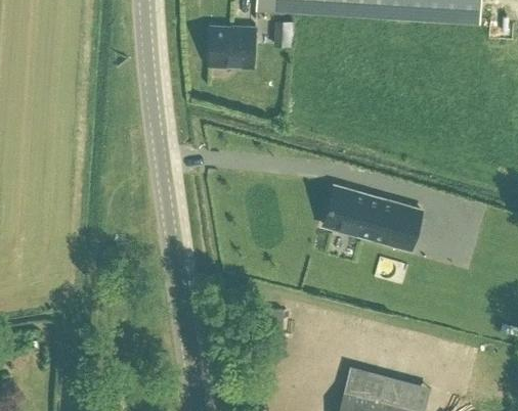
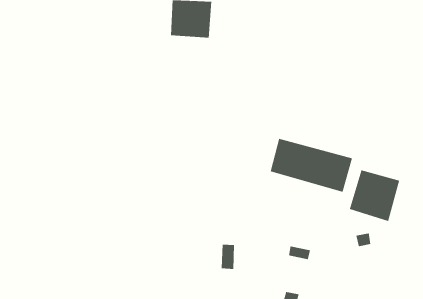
building: none -> [349,169,400,222]

